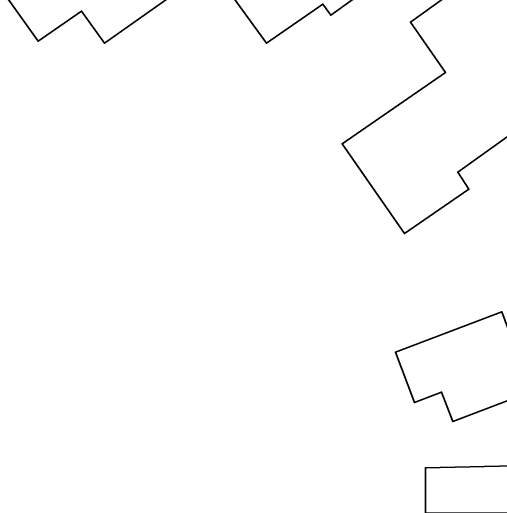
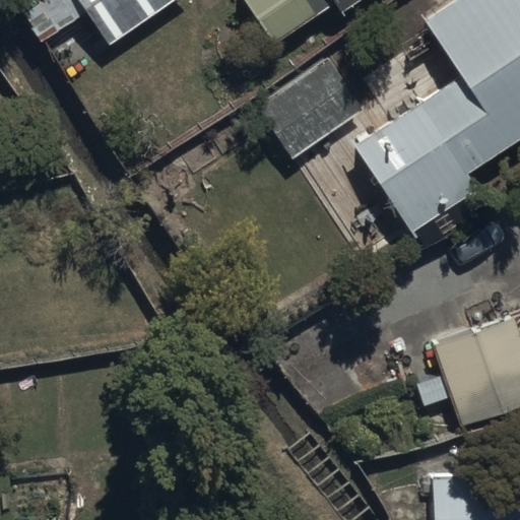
building: none -> [257,57,365,159]

